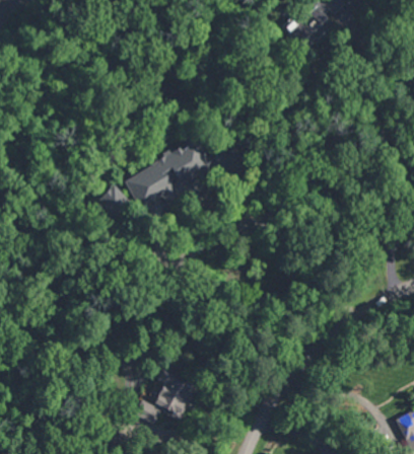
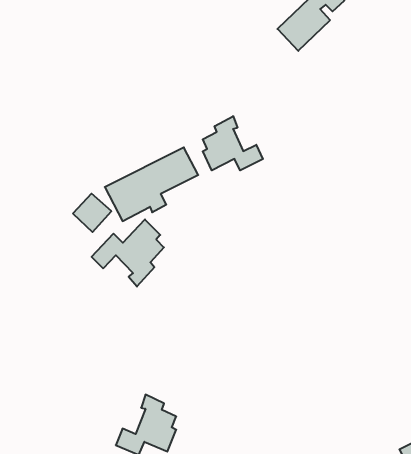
building: none -> [203,116,263,170]
building: none -> [92,219,164,287]

